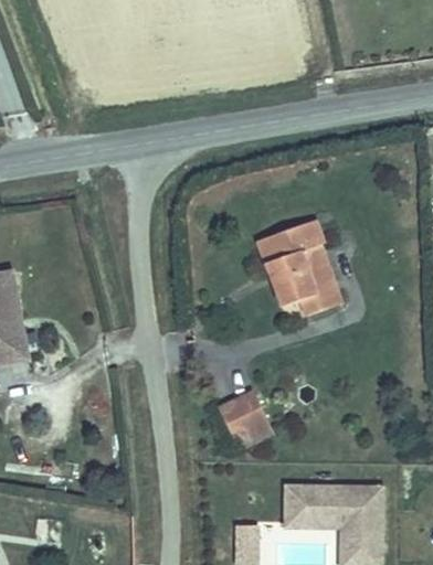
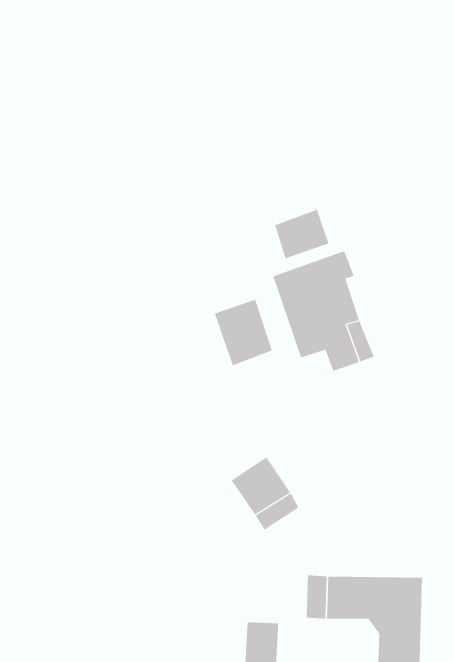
building: none -> [274,209,329,259]
building: none -> [214,299,272,366]

